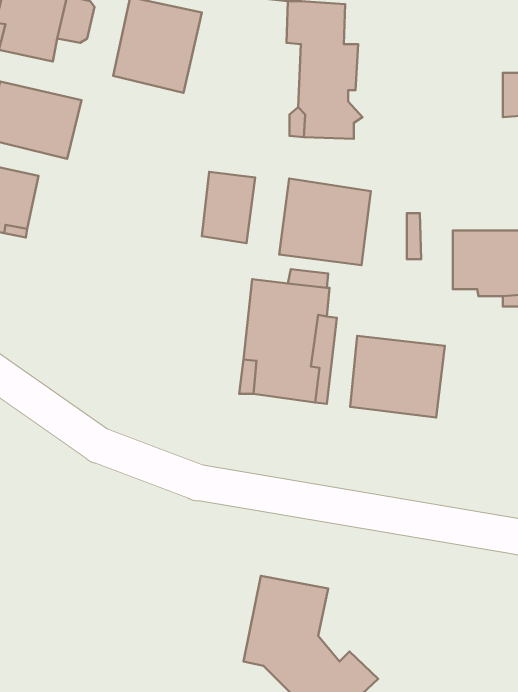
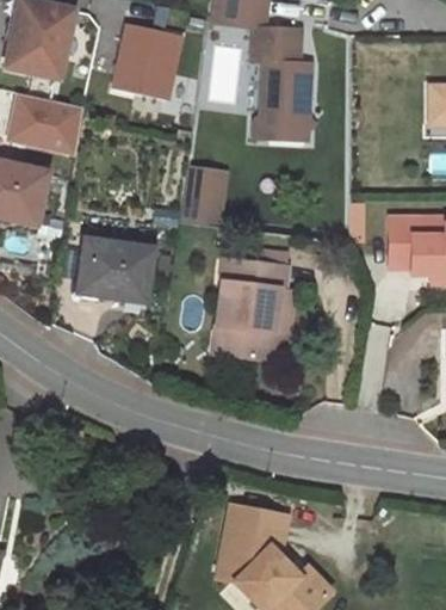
building: [279,179,371,265] -> none
building: none -> [78,239,151,298]
building: [350,336,445,417] -> none

